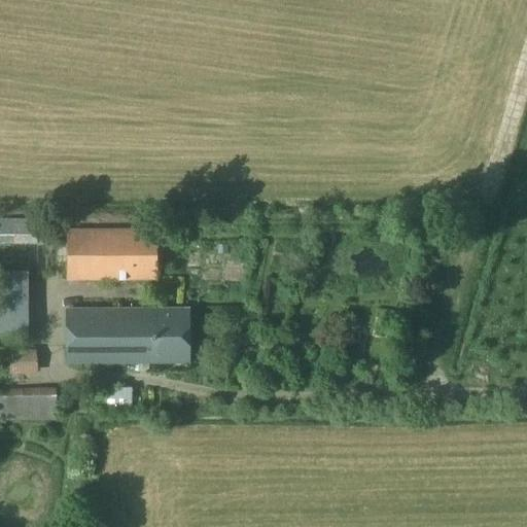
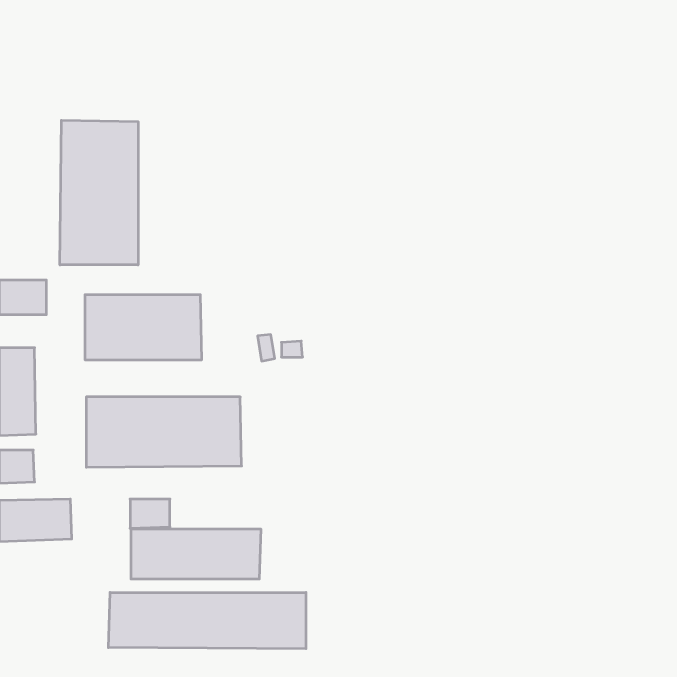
building: none -> [60,120,138,265]
building: none -> [131,529,261,579]
building: none -> [108,592,306,649]

